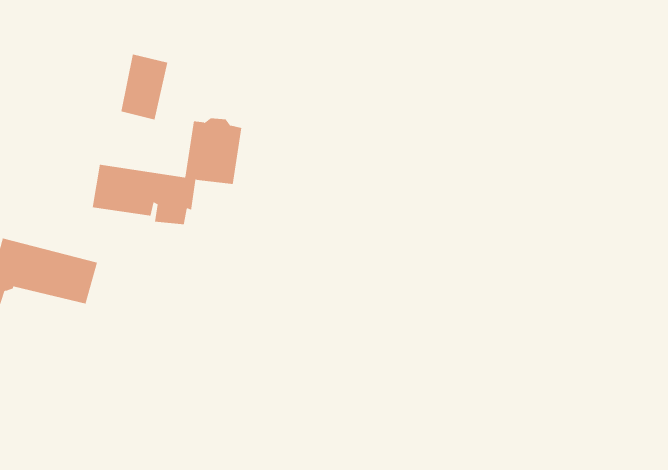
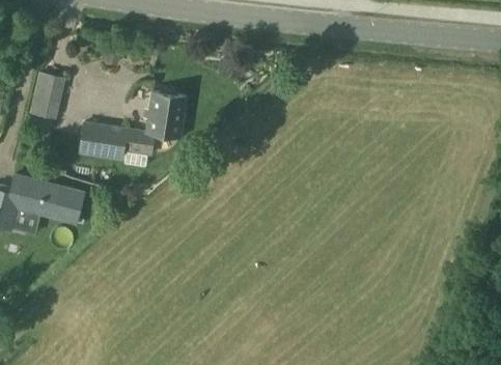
building: [120,54,168,120] -> [31,72,65,119]

